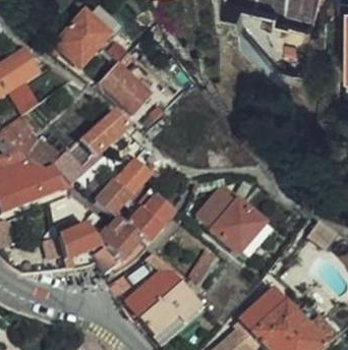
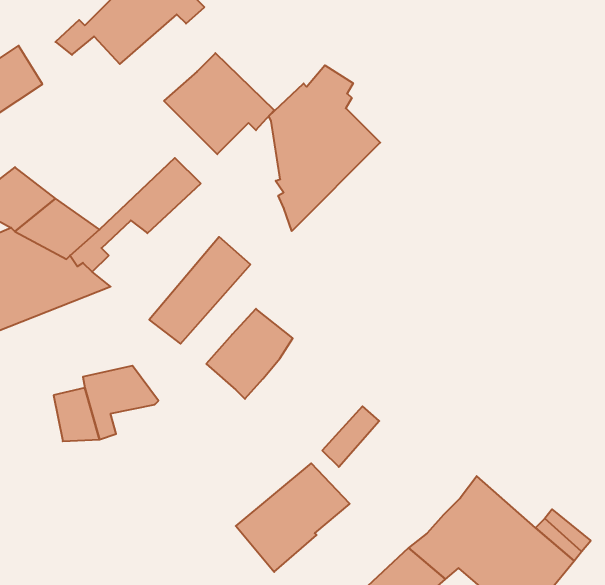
building: none -> [269,65,380,231]
building: [199,189,274,259] -> none
building: [97,220,141,274] -> none
building: [128,252,186,316] -> none

